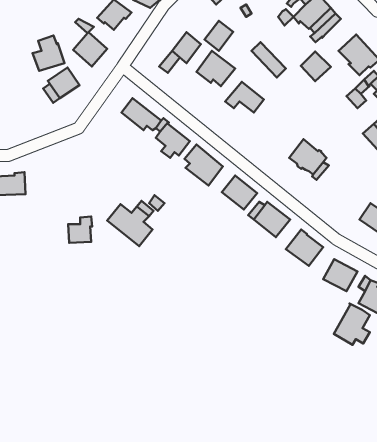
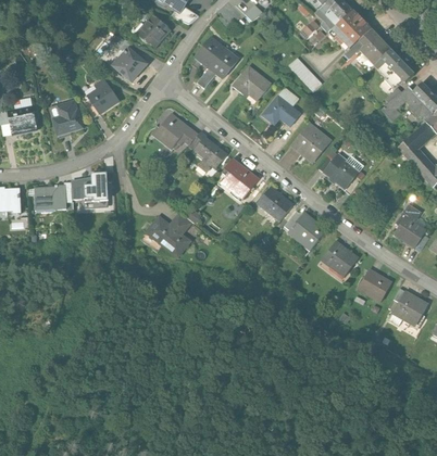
building: [204,21,233,51] -> [195,36,223,65]
building: [33,35,65,71] -> [51,100,83,135]
building: [301,51,331,81] -> [361,34,390,63]
building: none -> [290,123,330,161]
building: [68,216,92,243] -> [83,174,107,200]
building: [334,304,370,345] -> none

